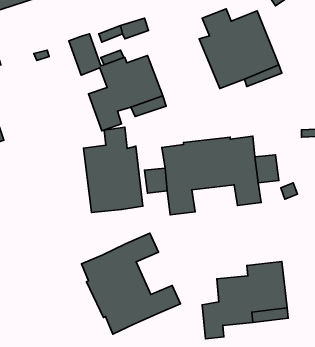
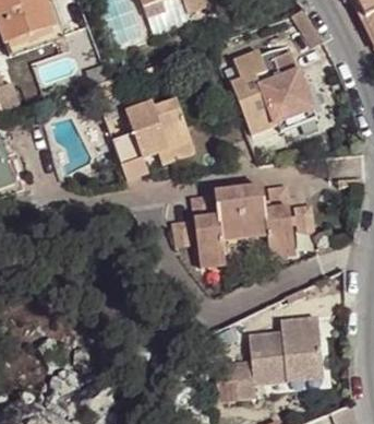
building: [84,127,143,213] -> none
building: [82,233,180,334] -> none

